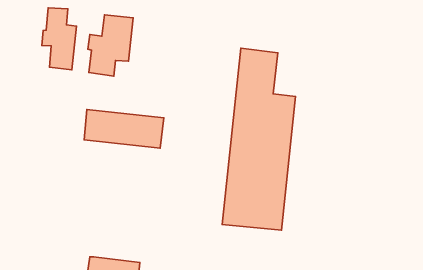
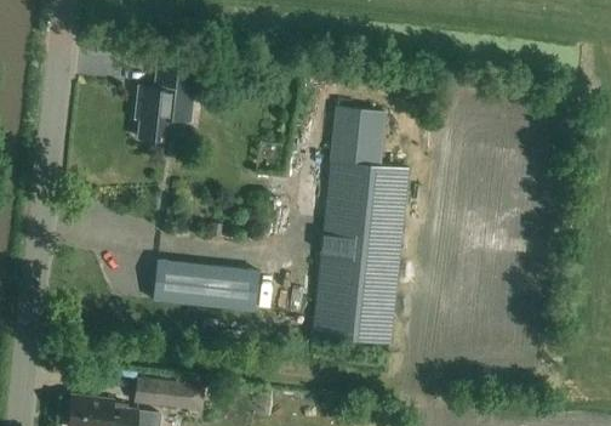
building: [42,8,76,70] -> none
building: [84,109,164,148] -> [154,261,258,312]

